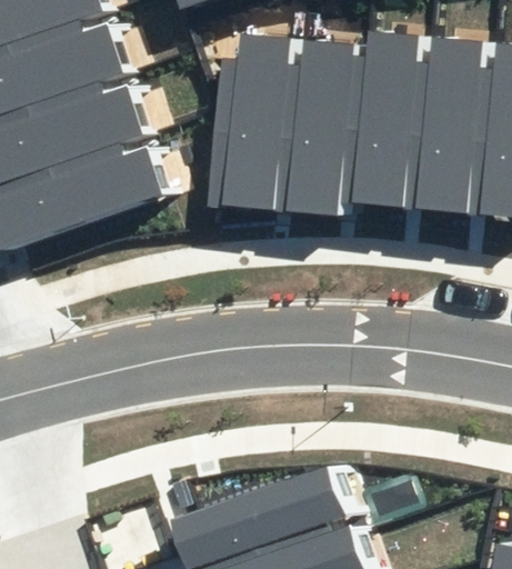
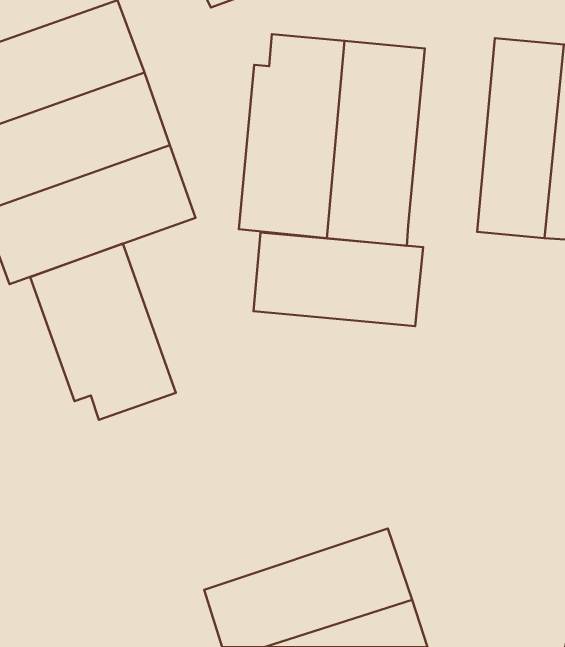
building: [359,31,434,206] -> none
building: none -> [254,233,423,326]
building: none -> [30,244,176,420]

